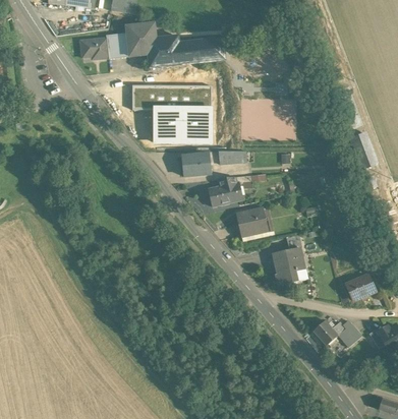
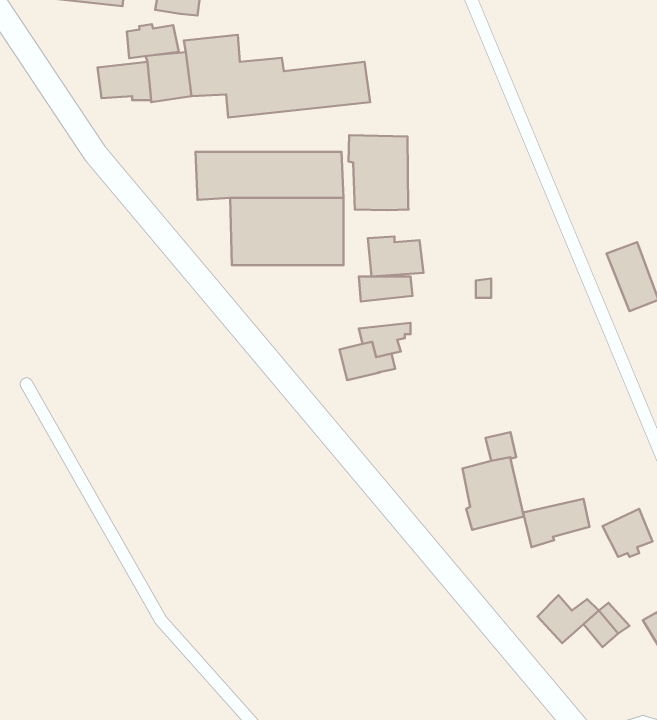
building: none -> [127,24,179,58]
building: none -> [348,135,409,210]
building: [181,154,211,175] -> [368,236,423,277]
building: [235,206,268,237] -> none
building: none -> [523,499,590,547]

